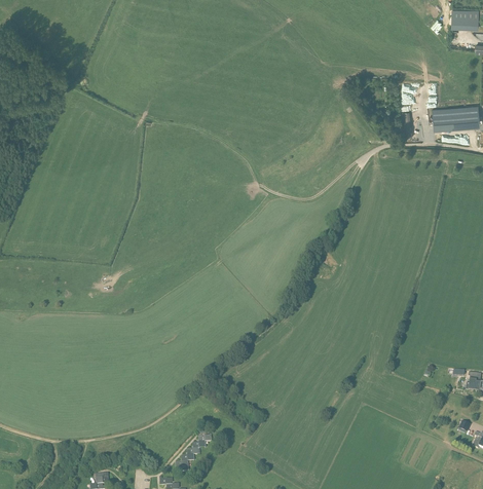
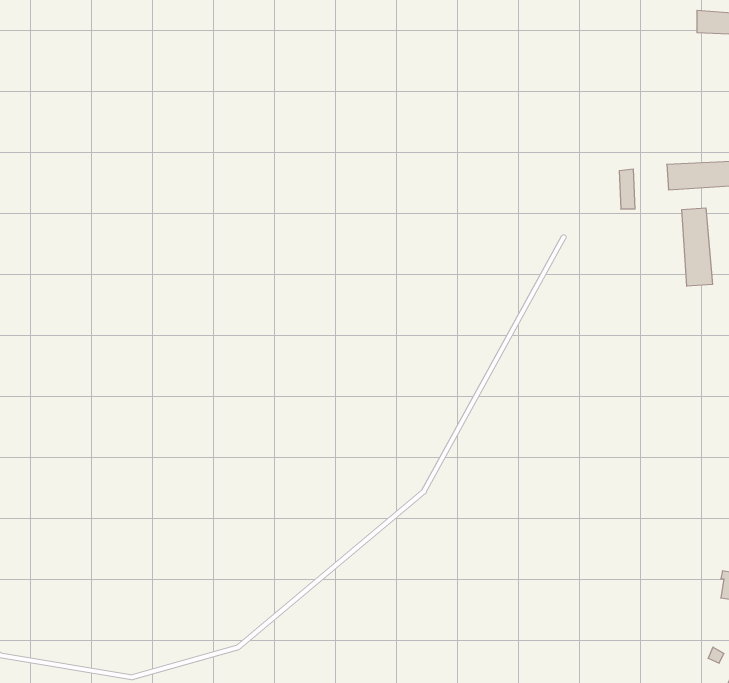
building: none -> [682,208,713,286]

